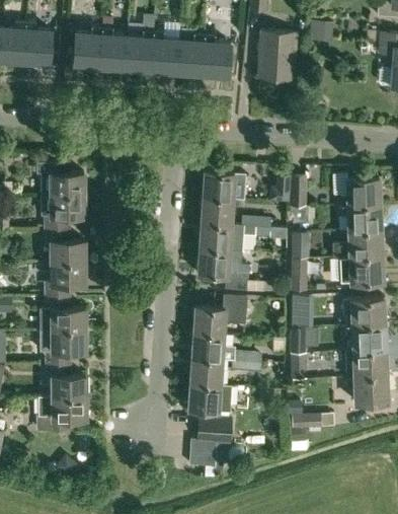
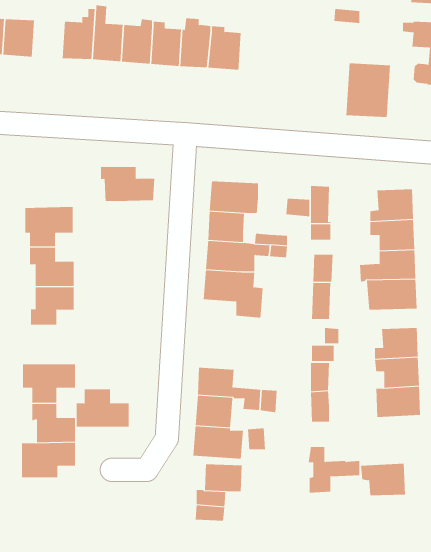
building: [257,32,297,80] -> [345,63,391,118]
building: [37,164,85,195] -> [100,167,155,202]
building: [192,295,247,336] -> none
building: [39,297,86,331] -> [76,389,129,427]
building: [347,375,387,403] -> [360,463,406,496]

